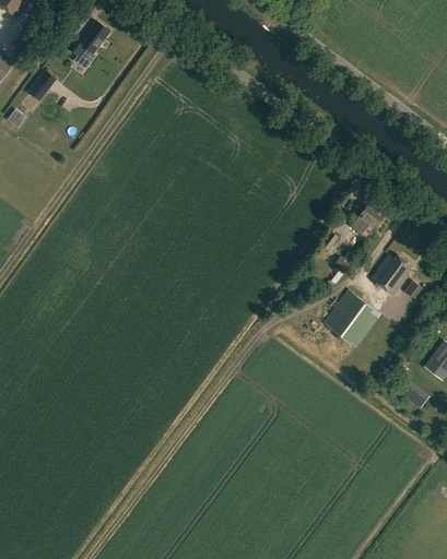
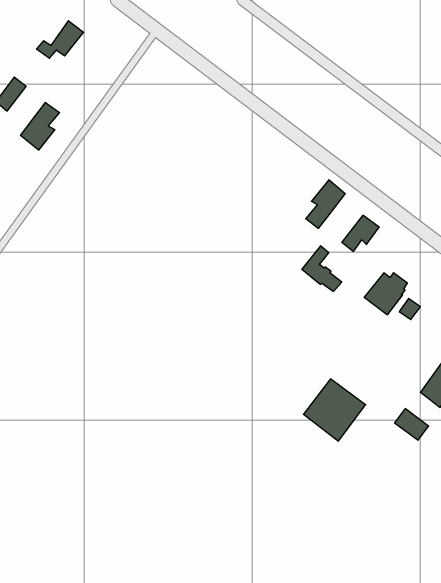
building: none -> [21,102,59,150]
building: none -> [306,180,345,228]
building: [324,289,381,347] -> [303,379,366,441]

